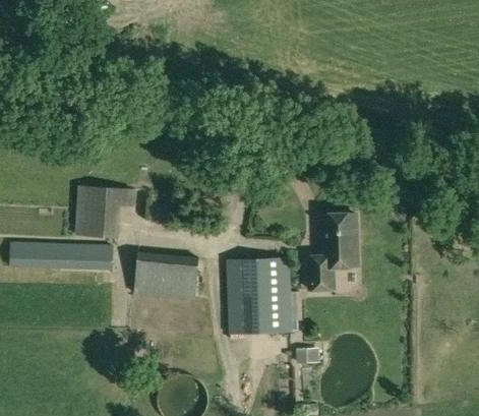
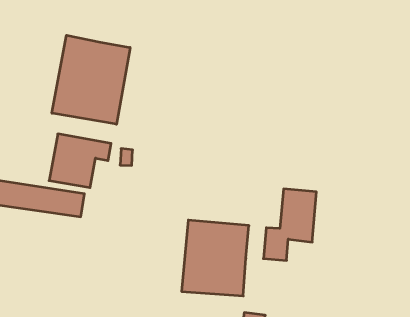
building: none -> [52,35,130,124]
building: [136,253,197,298] -> none

